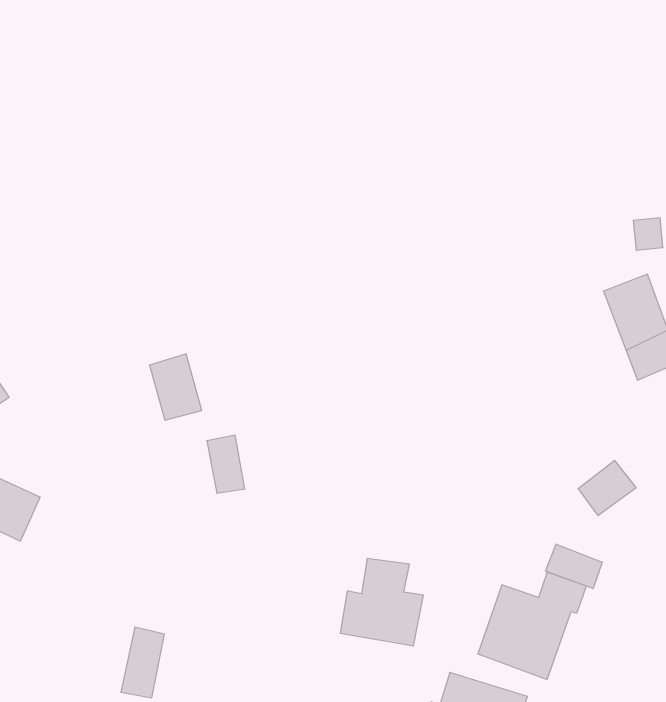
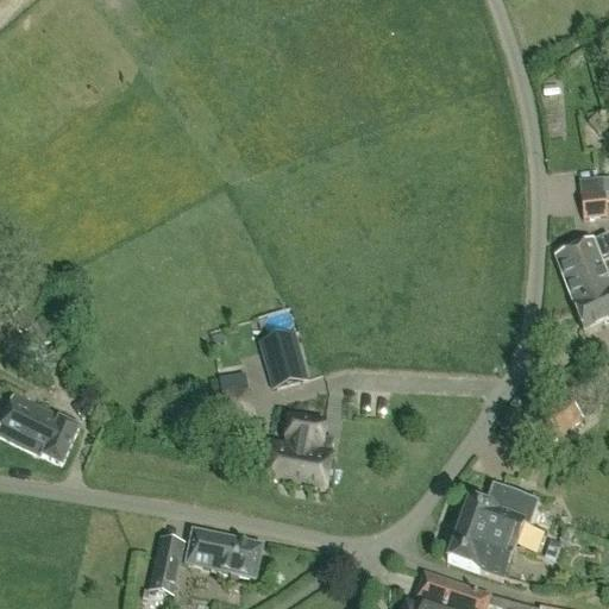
building: [149,354,202,420] -> [263,327,307,383]
building: [545,544,602,589] -> none
building: [340,558,423,646] -> [266,412,337,485]
building: none -> [183,529,260,575]

